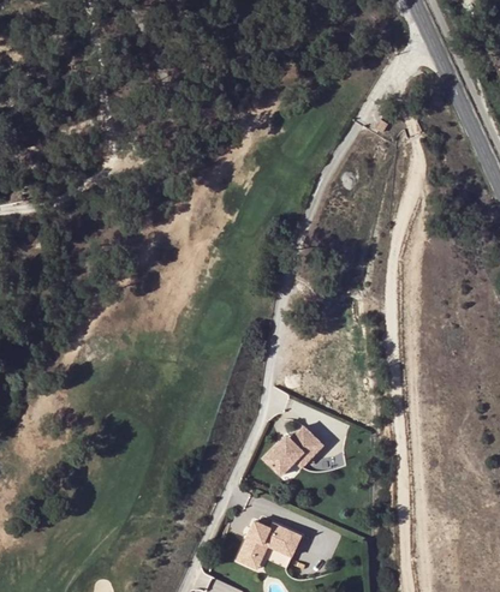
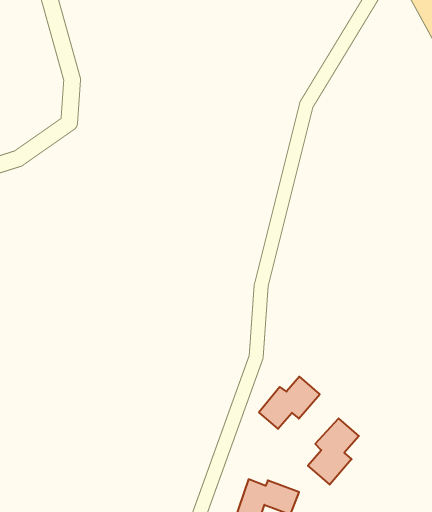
building: none -> [308,418,359,485]

